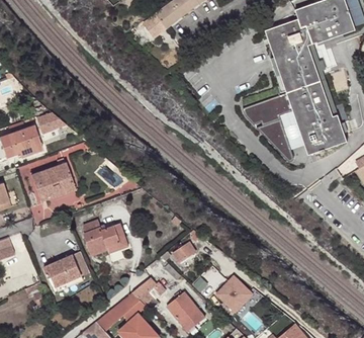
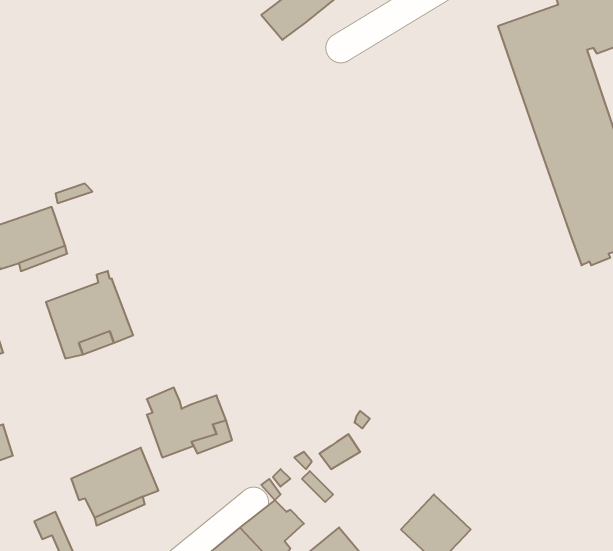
building: [242,92,304,162] -> none

